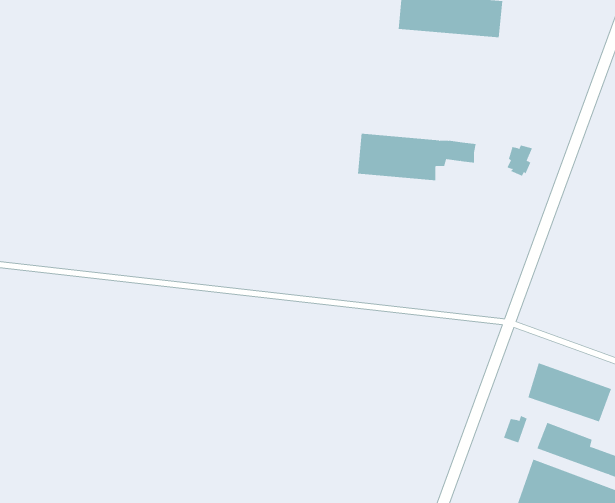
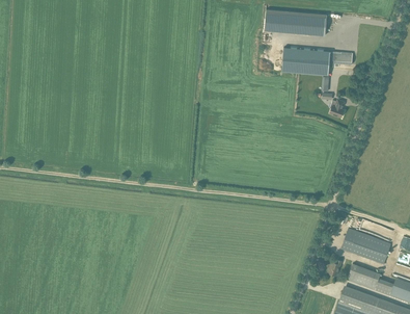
building: [357,133,477,181] -> [282,47,353,75]

